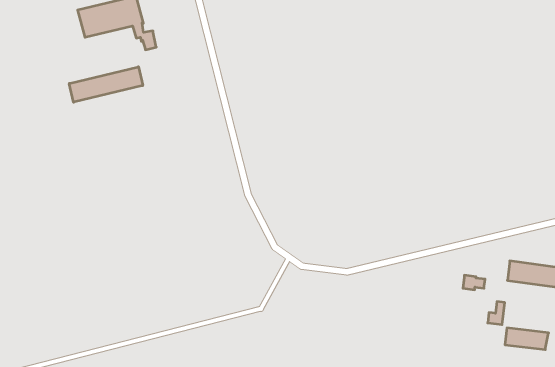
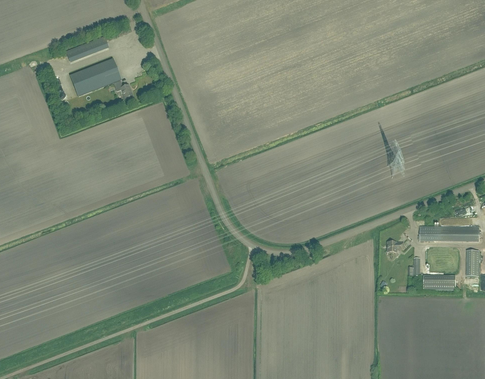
building: [69,67,143,102] -> none

